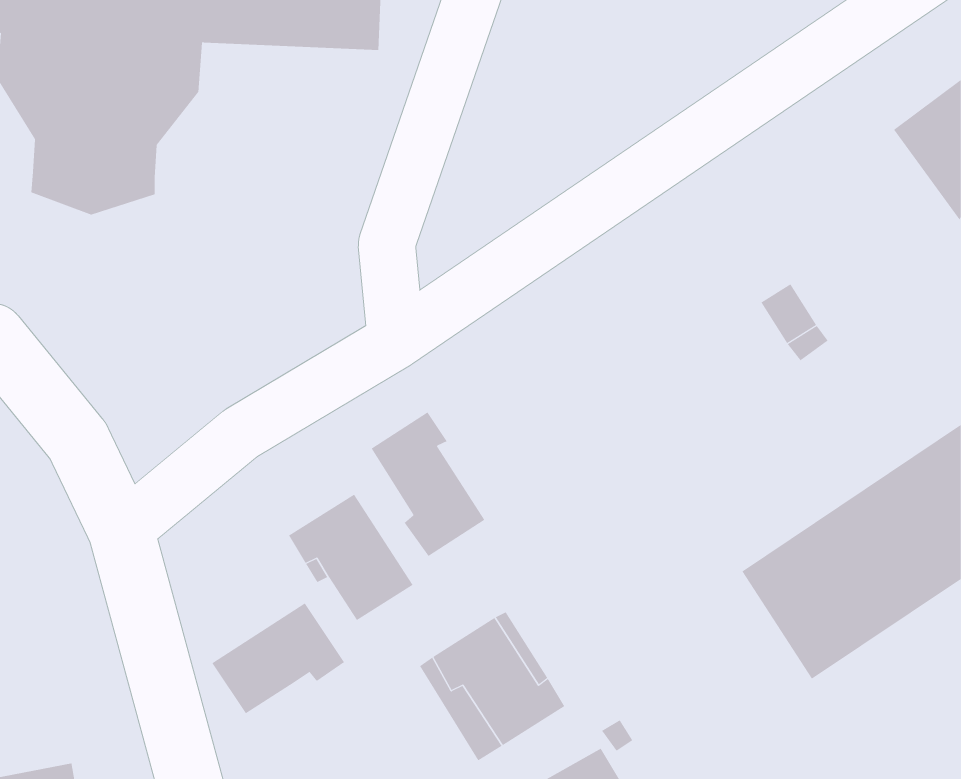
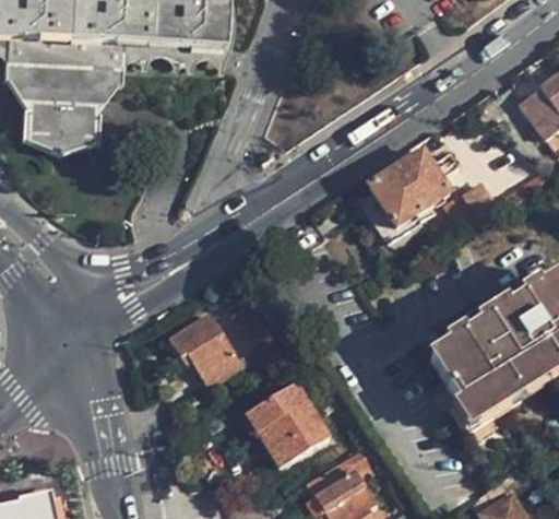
building: none -> [368,150,459,226]
building: [371,412,485,557] -> none
building: [212,602,345,714] -> none

